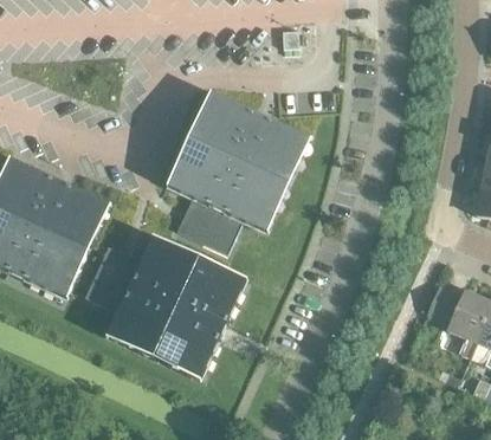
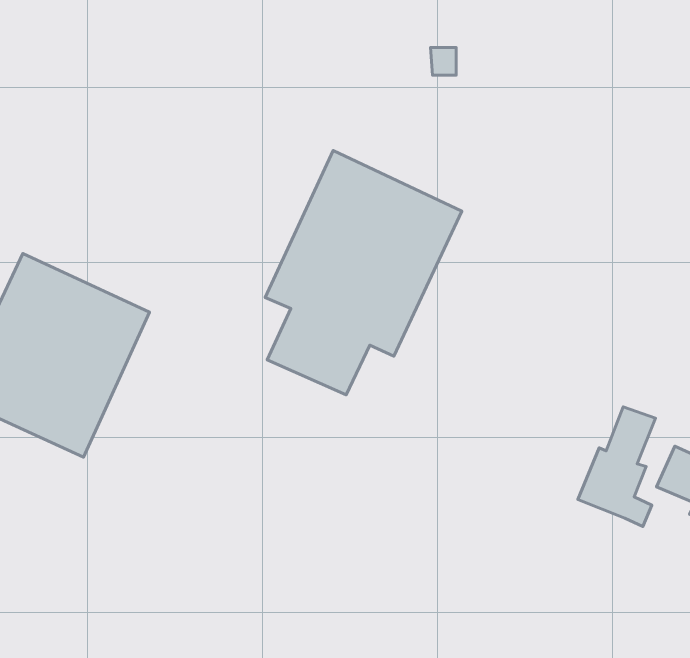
building: [85,246,243,371] -> none
building: none -> [578,407,655,526]

